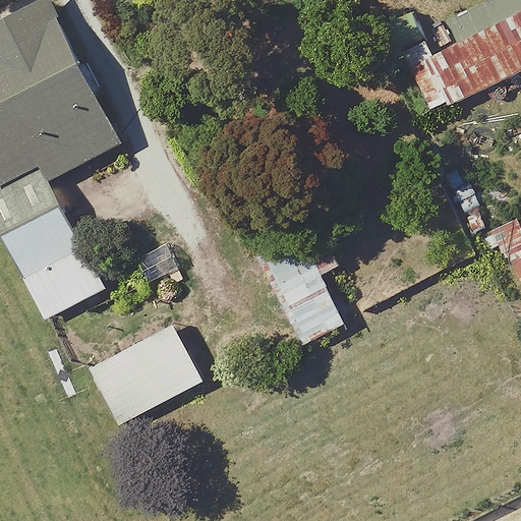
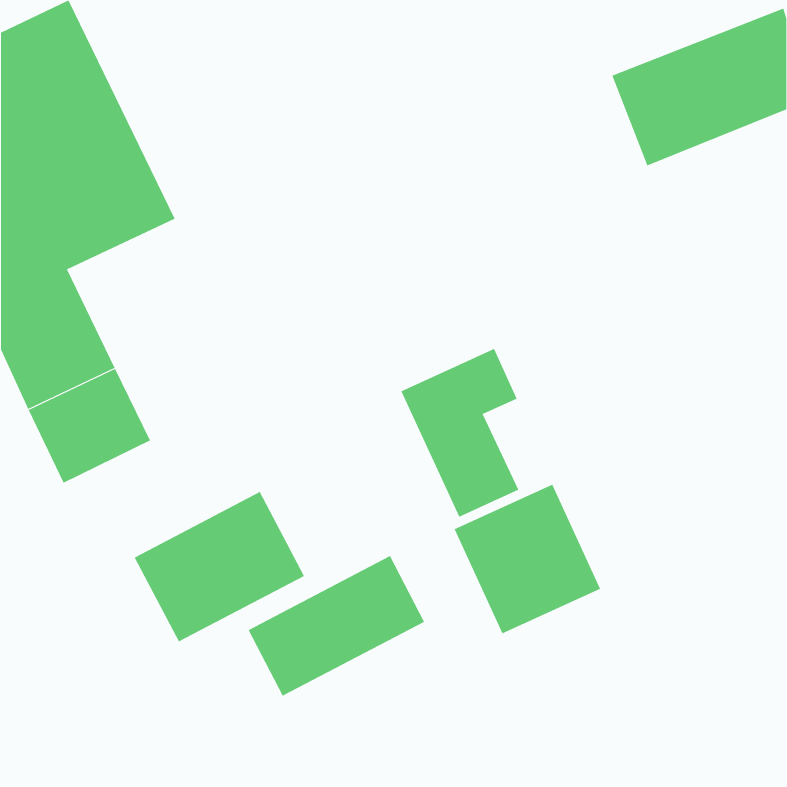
building: none -> [454,484,601,634]
building: none -> [248,555,425,697]

